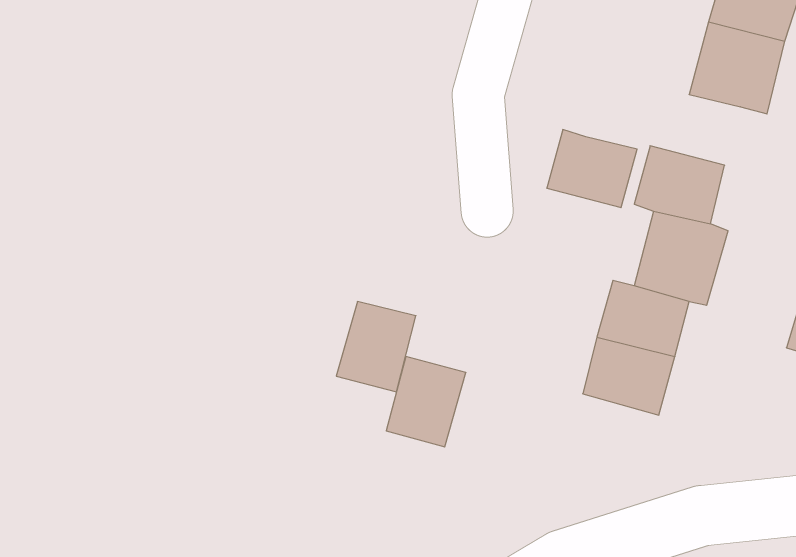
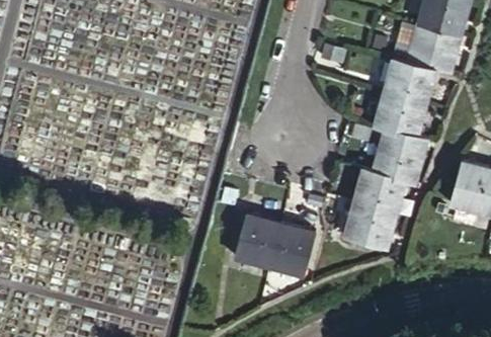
building: [547,130,637,208] -> [384,60,435,104]
building: [336,302,416,392] -> [266,223,312,274]

